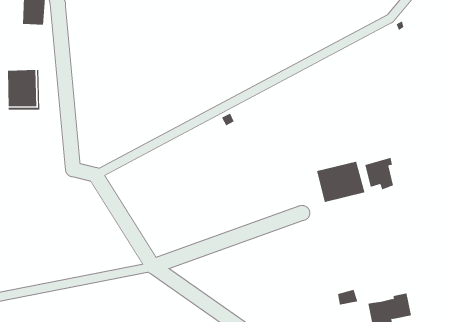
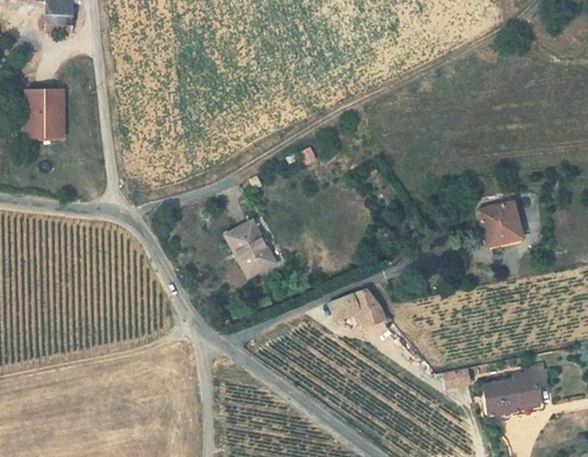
building: [317,161,365,203] -> none
building: none -> [226,220,274,275]
building: none -> [327,289,390,324]

